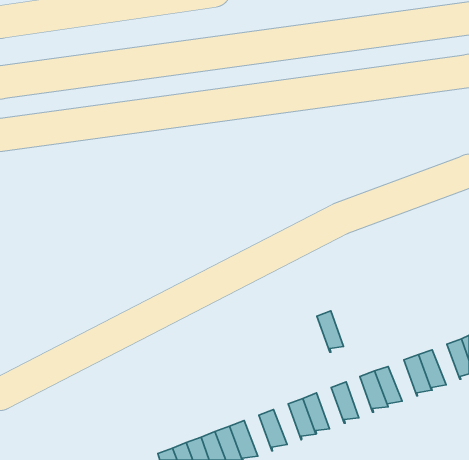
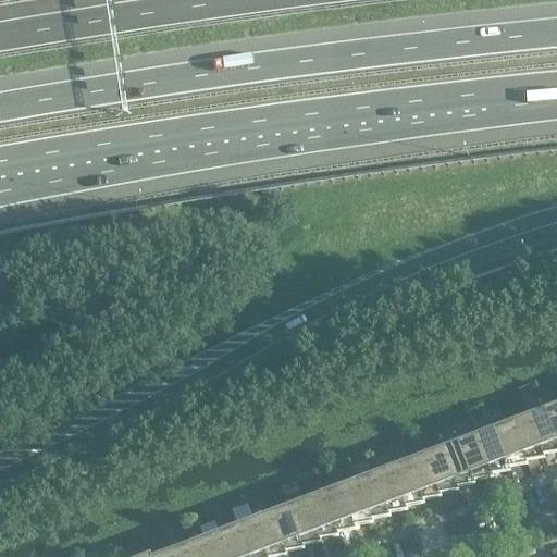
building: [317,311,344,352] -> [410,446,442,495]
building: none -> [512,408,545,456]
building: none -> [460,426,494,475]
building: none -> [375,459,408,508]
building: none -> [324,479,357,527]
building: none -> [289,492,322,541]

